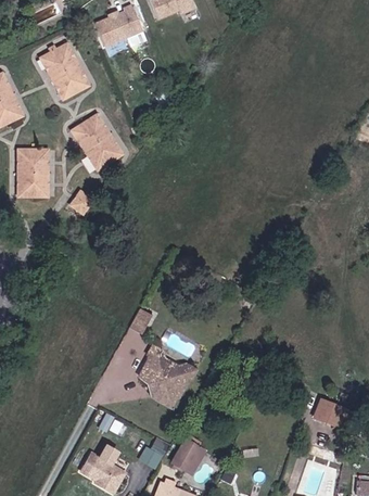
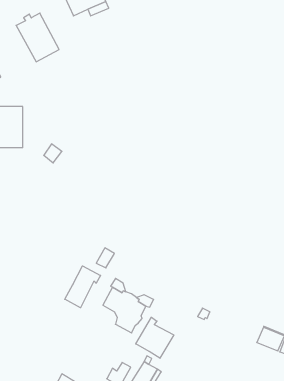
building: [72,114,122,169] -> none
building: none -> [65,266,101,308]
building: none -> [136,317,174,358]

